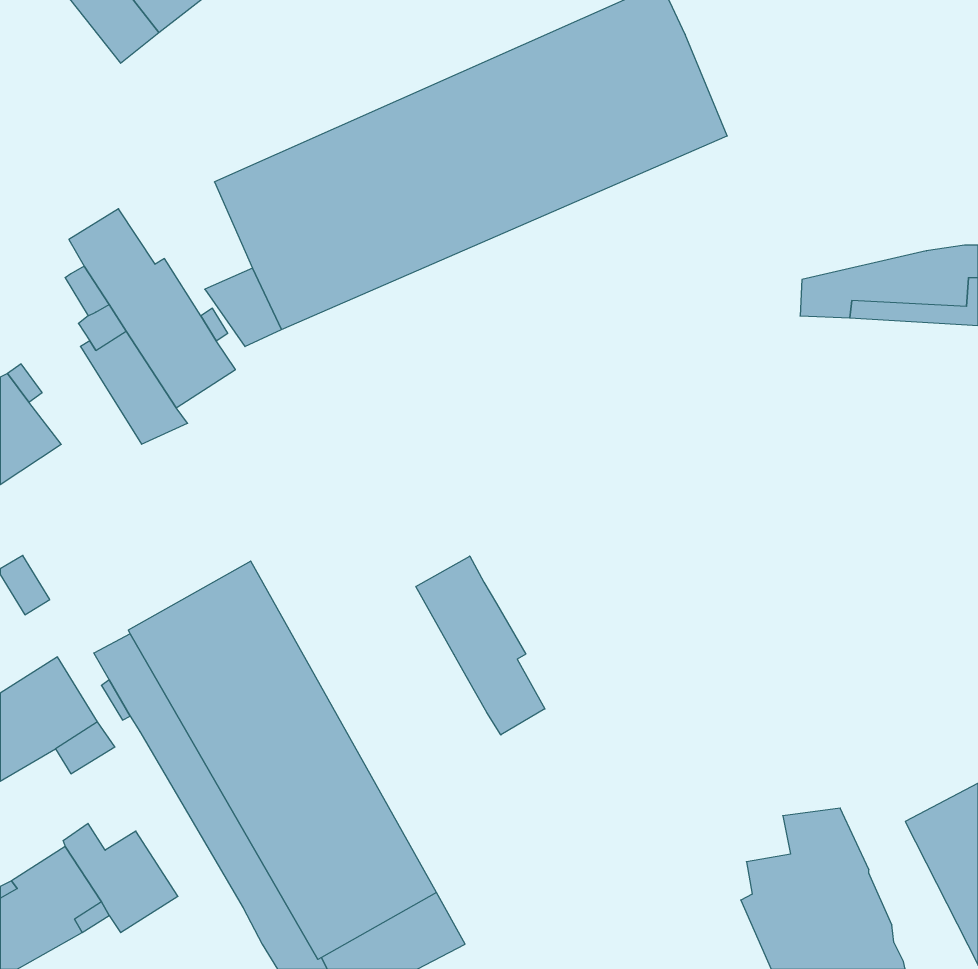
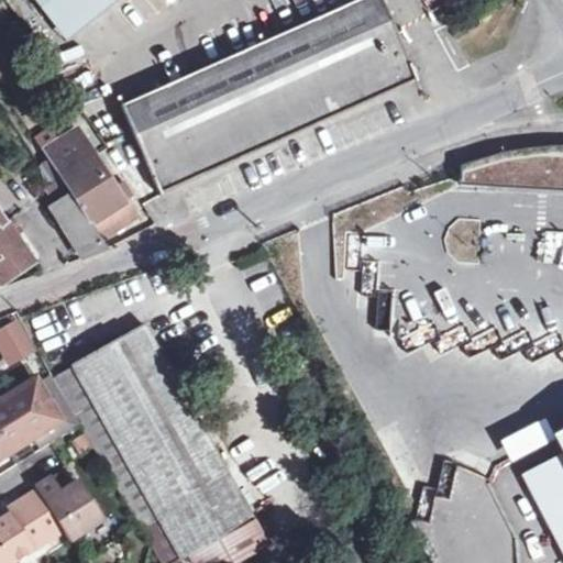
building: [416,556,545,735] -> none

